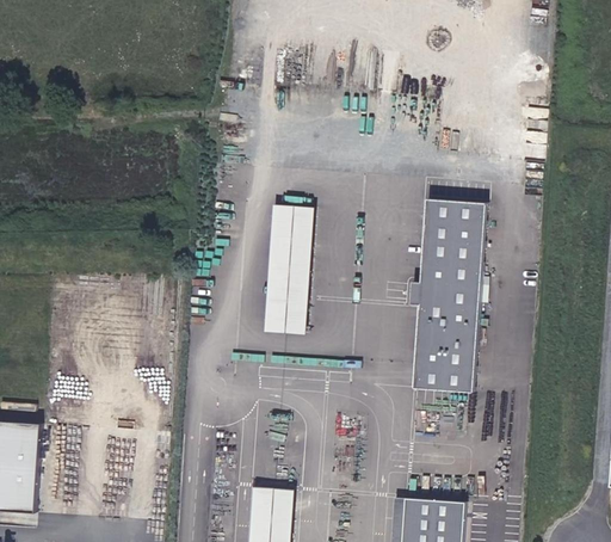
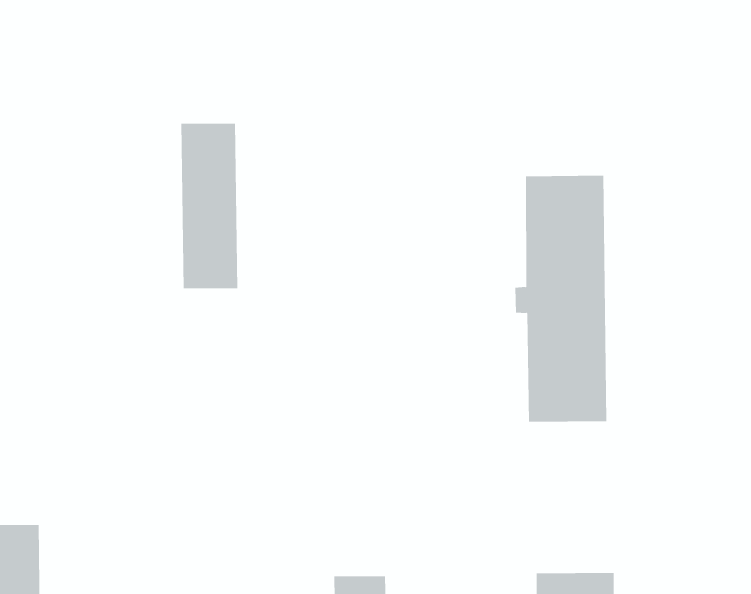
building: [263,214,314,343] -> [180,123,238,289]

